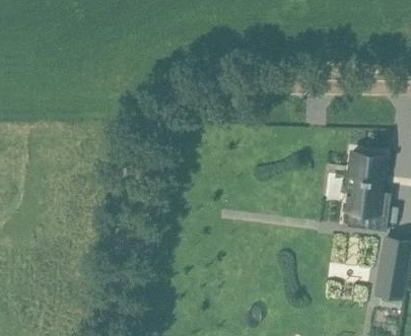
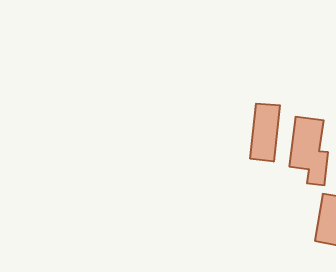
building: none -> [250,104,280,162]

